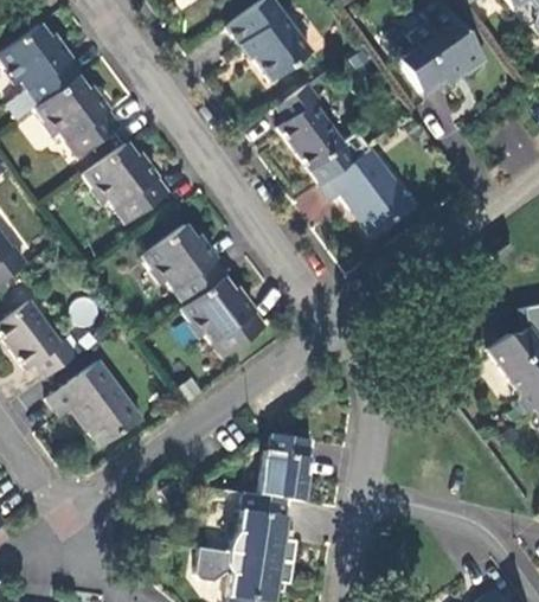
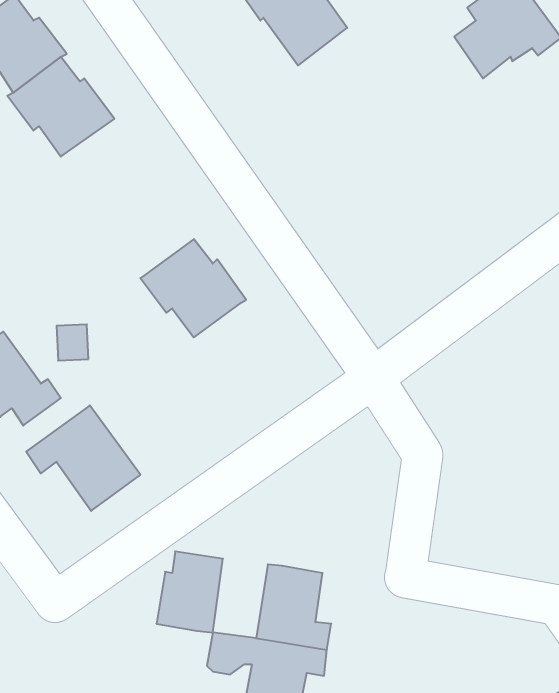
building: [276,83,344,171] -> none
building: [82,142,168,223] -> none
building: [320,148,412,233] -> none
building: [180,276,267,358] -> none
building: [257,433,312,499] -> [156,551,223,632]

